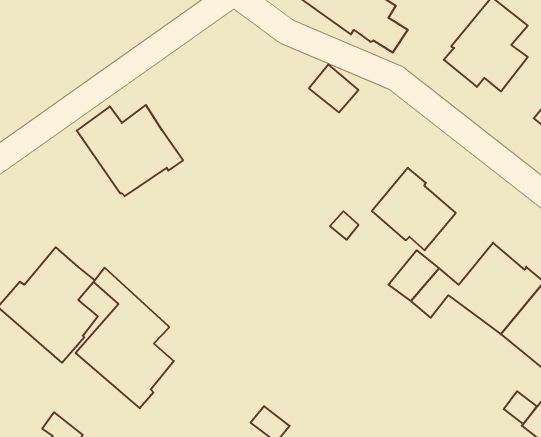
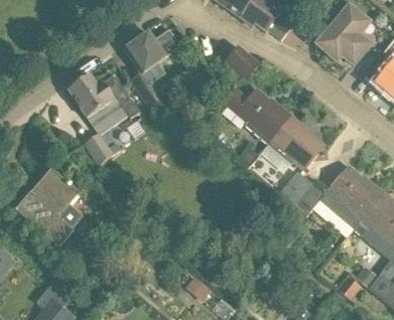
building: none -> [125,32,175,110]
building: none -> [223,89,291,145]
building: none -> [84,133,114,165]
building: [76,268,174,408] -> none

